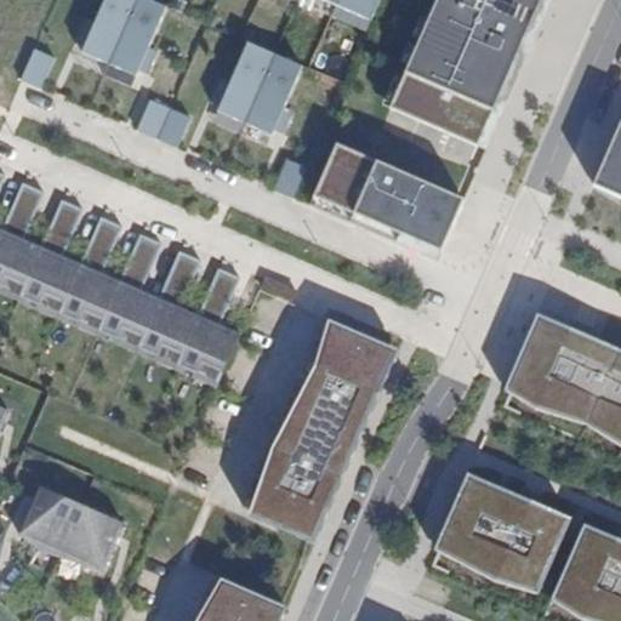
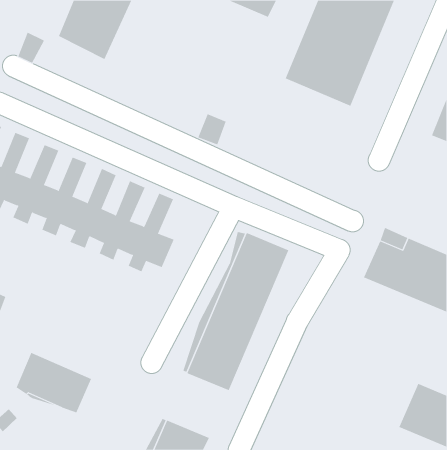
building: [206,33,307,142] -> none
building: [130,98,192,150] -> none
building: [306,146,458,252] -> none
building: [432,477,558,581] -> none

